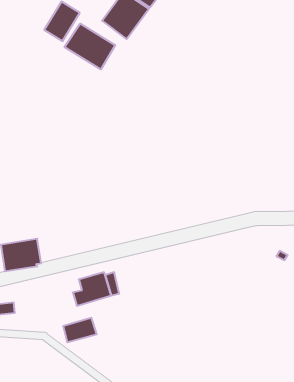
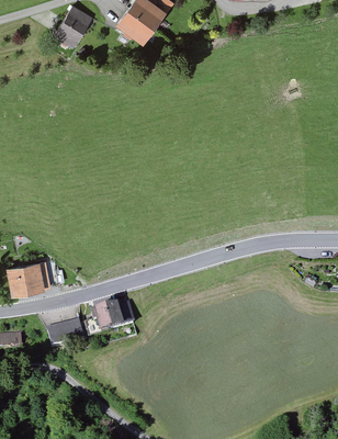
building: [65,24,115,69] -> none
building: [63,318,97,342] -> [47,317,83,344]

